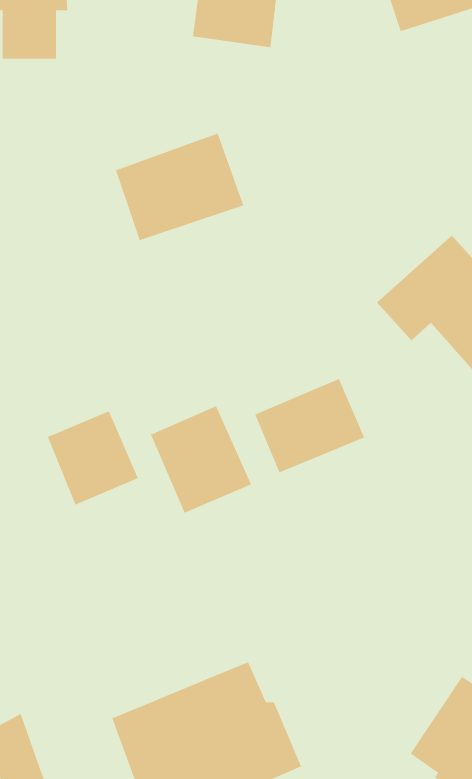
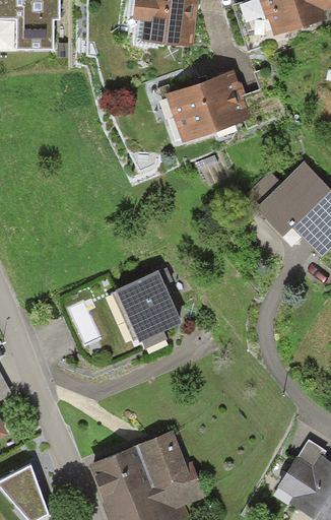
building: [115,133,244,241] -> [164,70,246,138]
building: [255,378,365,473] -> none
building: [47,411,138,506] -> none

